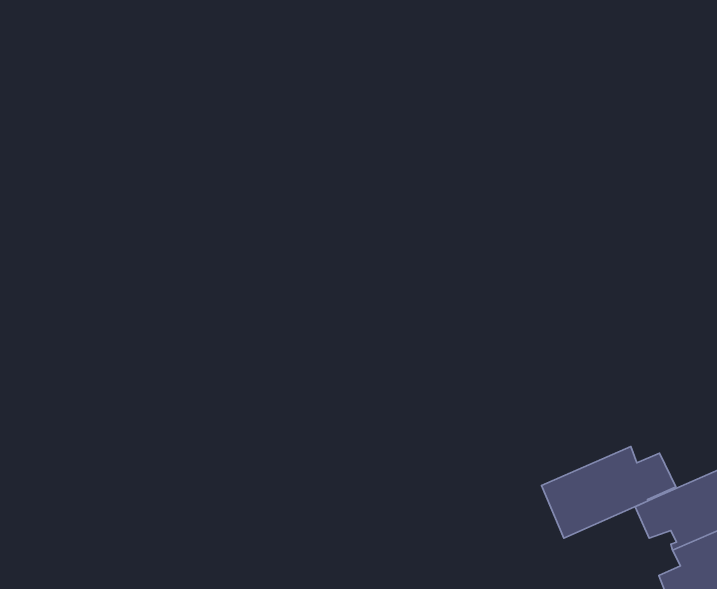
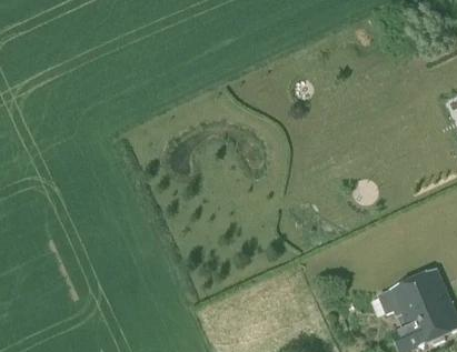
building: [542,447,676,538] -> none

